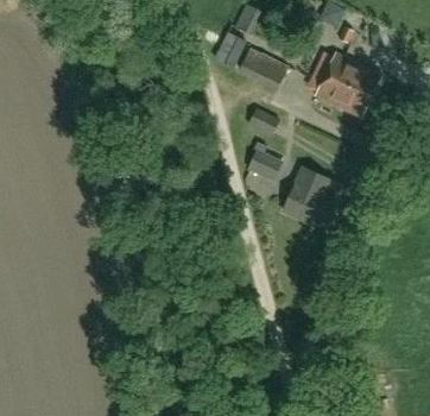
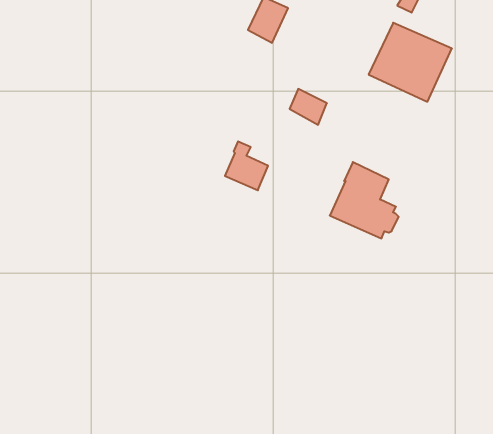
building: [240,48,289,90] -> none
building: [246,141,282,182] -> [225,141,268,190]

